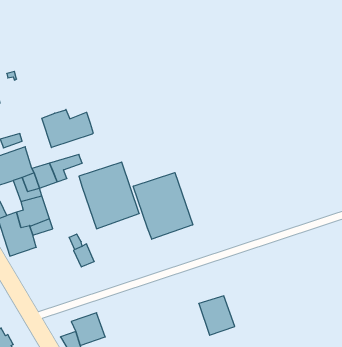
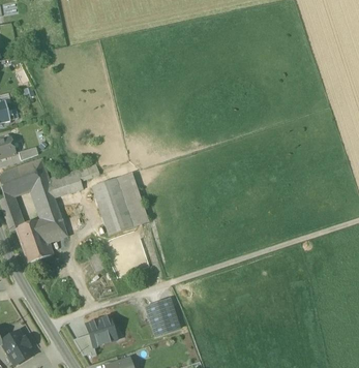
building: [42,109,93,148] -> none
building: [133,173,193,239] -> none
building: [199,296,235,335] -> [145,299,179,336]

